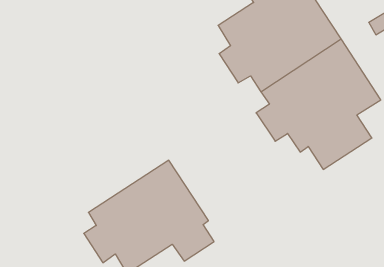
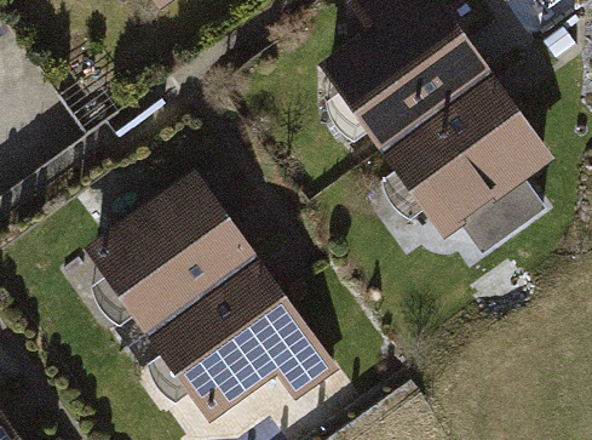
building: none -> [84,167,259,338]

